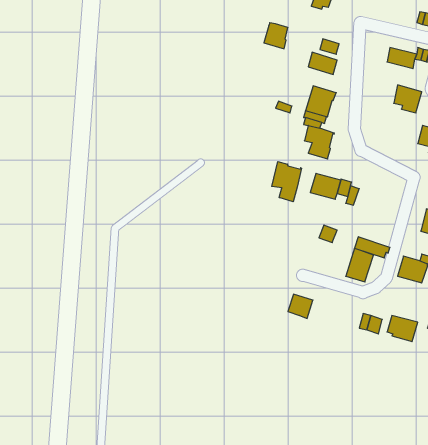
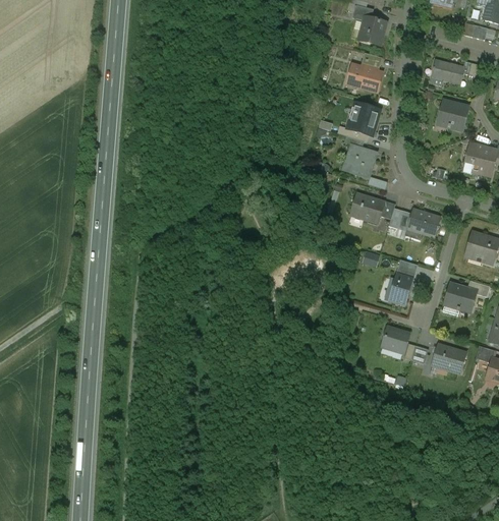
building: [264,23,288,49] -> [357,17,383,45]
building: [272,162,301,202] -> none
building: none -> [407,210,439,237]
building: [288,294,313,318] -> [381,327,407,352]

